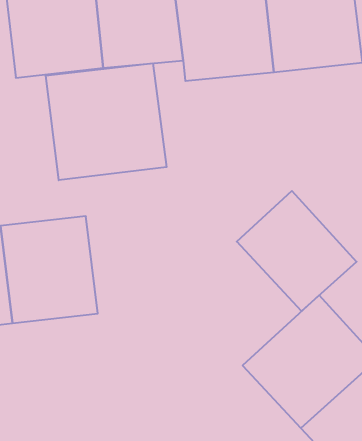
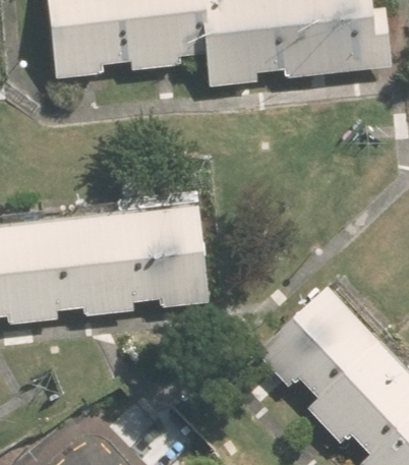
building: [46,63,167,180] -> none
building: [237,191,357,311] -> none
building: none -> [116,201,208,302]

